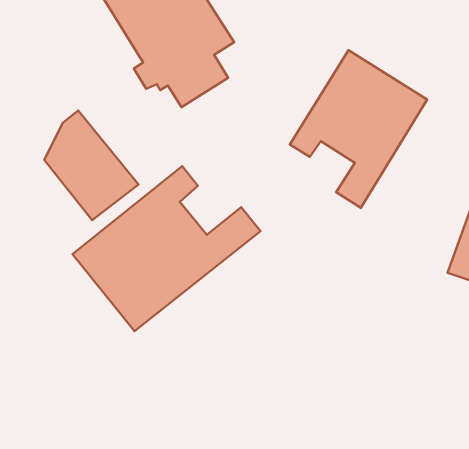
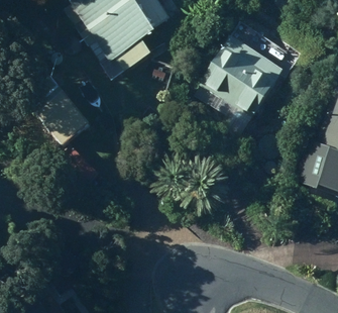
building: [72,166,261,331] -> none

